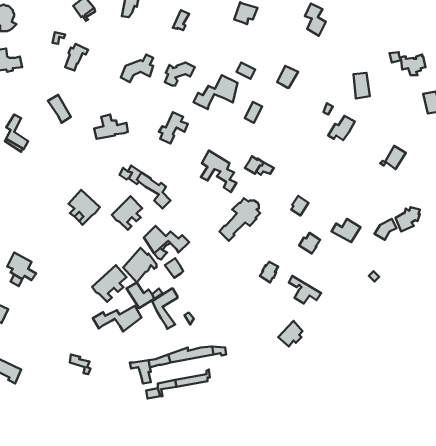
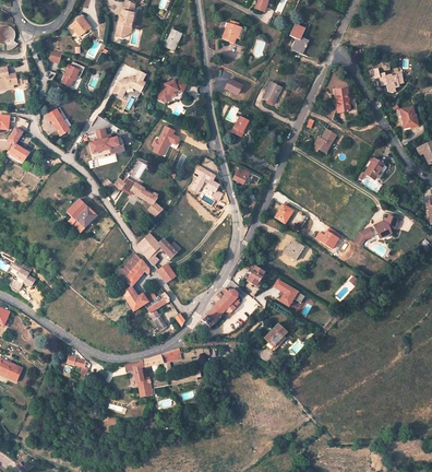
building: [193,75,238,109] -> none
building: [112,196,142,230] -> none
building: [220,198,260,241] -> [201,287,239,328]
building: [92,265,127,302] -> none
building: [93,306,141,332] -> none

